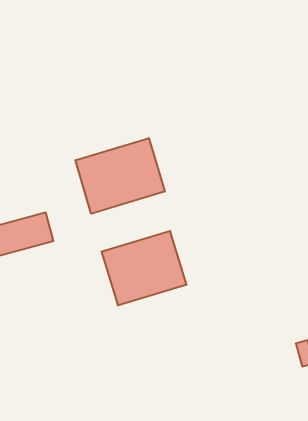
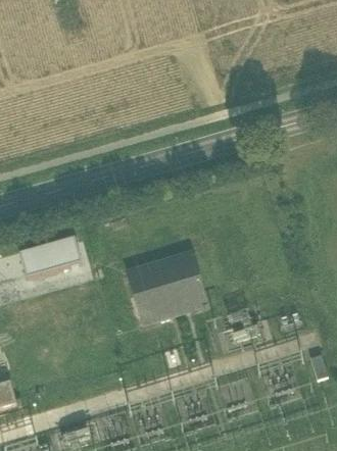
building: [75,138,165,214] -> none

